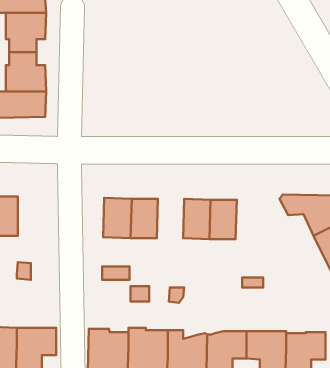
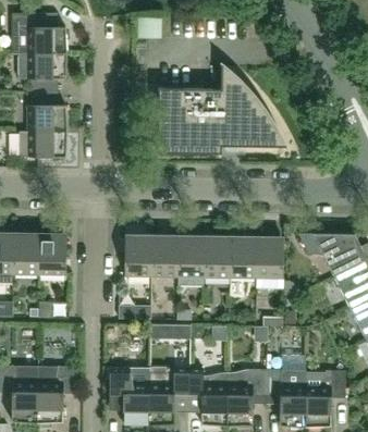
building: none -> [157,63,285,151]
building: none -> [39,234,66,273]
building: none -> [177,236,205,284]
building: none -> [256,237,284,287]

